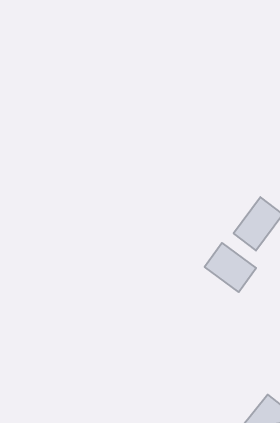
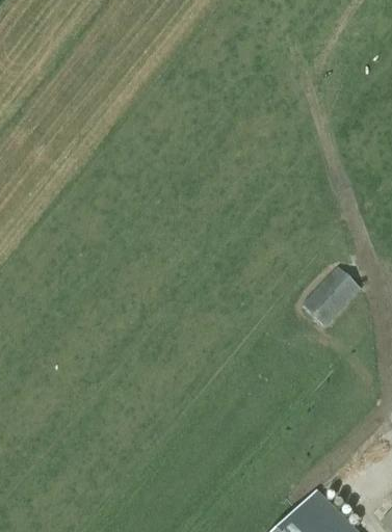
building: [205,243,256,292] -> none

